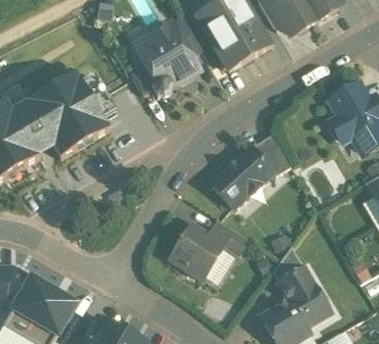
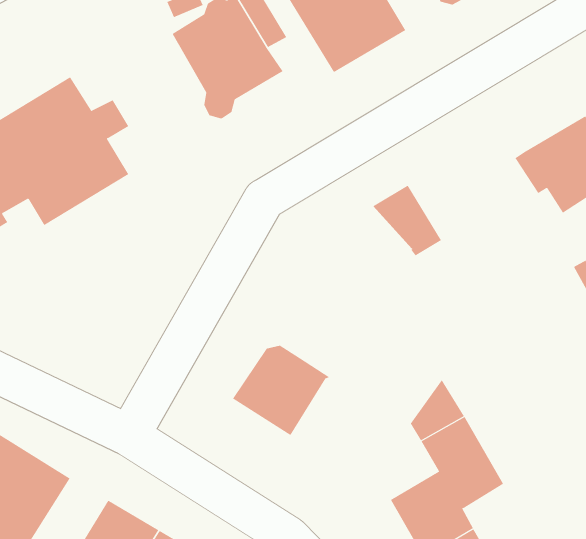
building: [330,82,368,115] -> none
building: [211,147,273,207] -> none
building: [209,220,249,256] -> none

